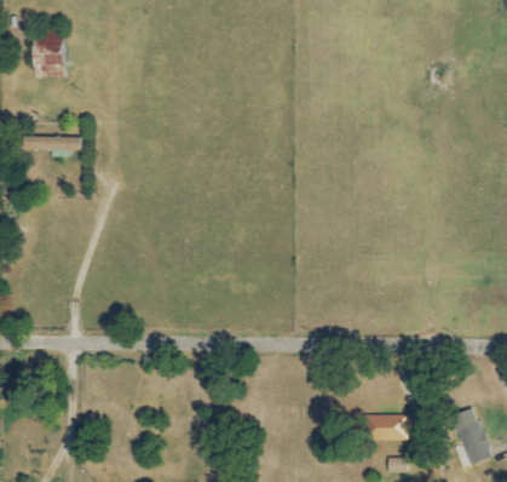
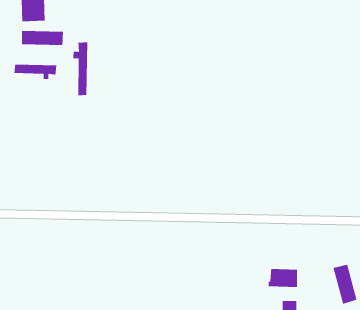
building: none -> [21,30,64,46]
building: none -> [73,42,88,96]

